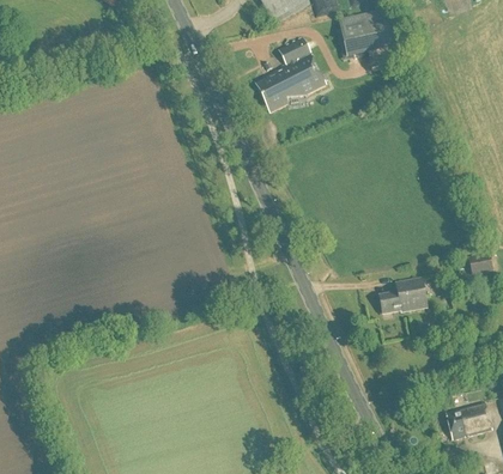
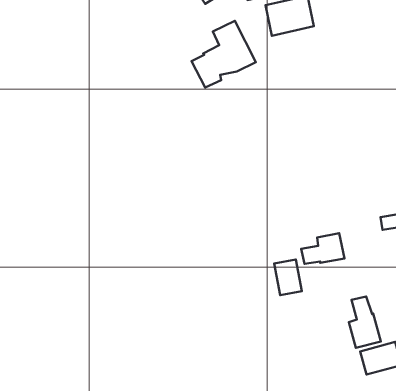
building: none -> [274,259,302,295]
building: none -> [349,296,381,348]

